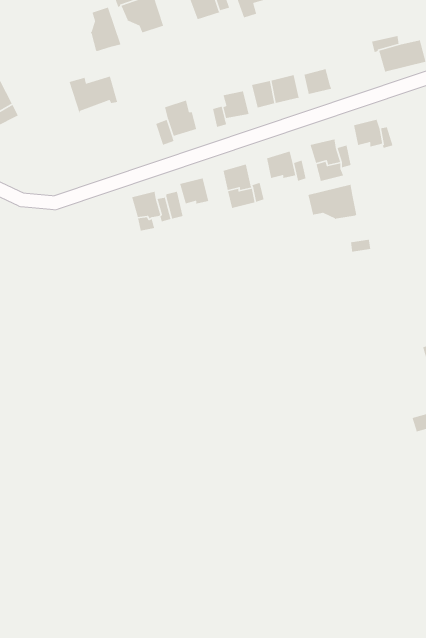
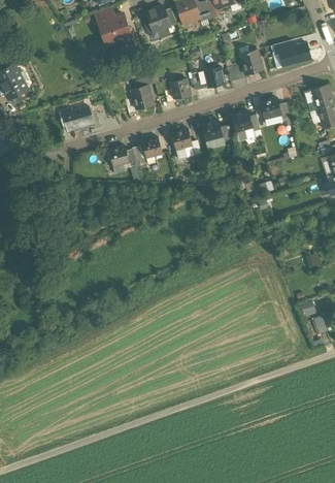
building: [90,6,122,52] -> none
building: none -> [240,49,263,73]
building: [69,75,118,114] -> [60,105,94,132]
building: [308,184,357,220] -> none

